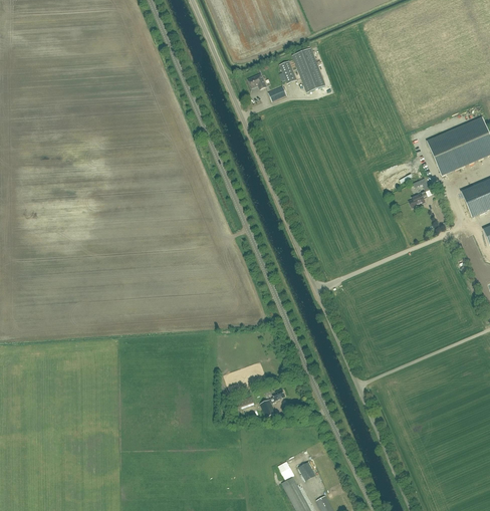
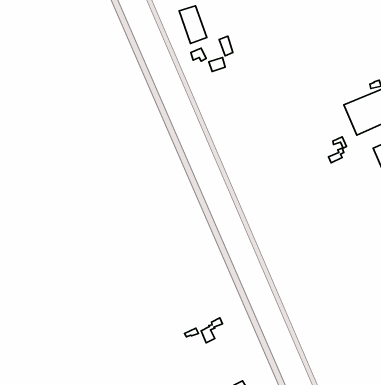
building: [294,48,326,92] -> [179,6,207,44]

